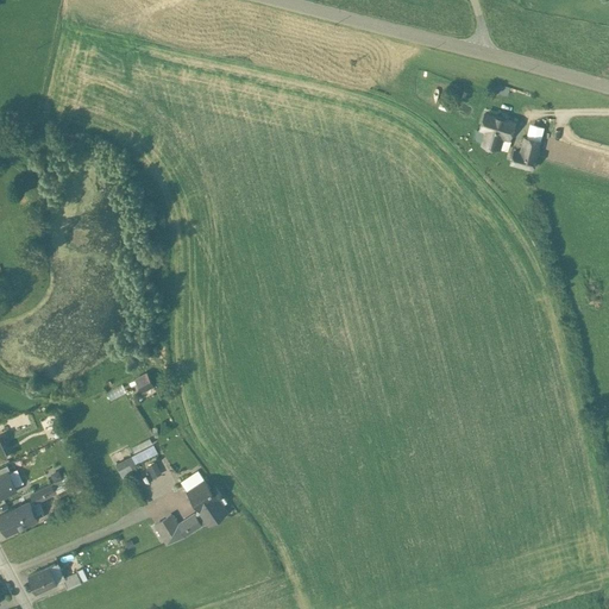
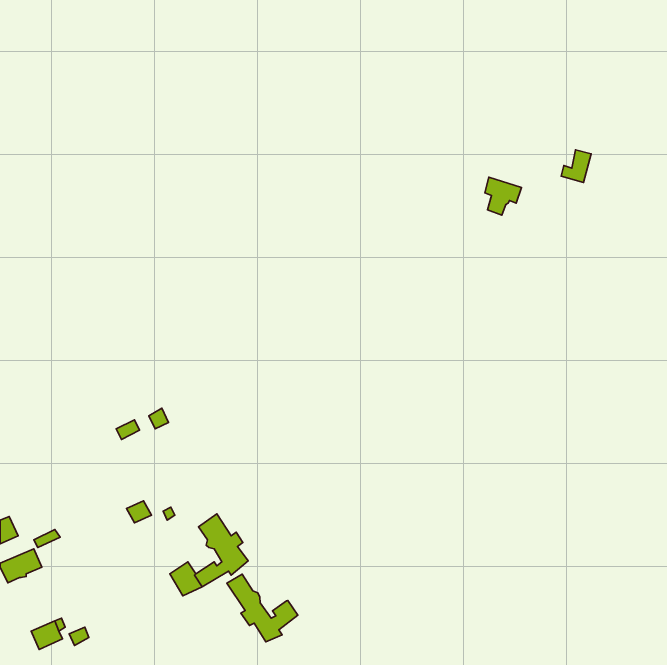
building: [481,114,514,149] -> [485,177,521,215]
building: none -> [227,574,298,642]

